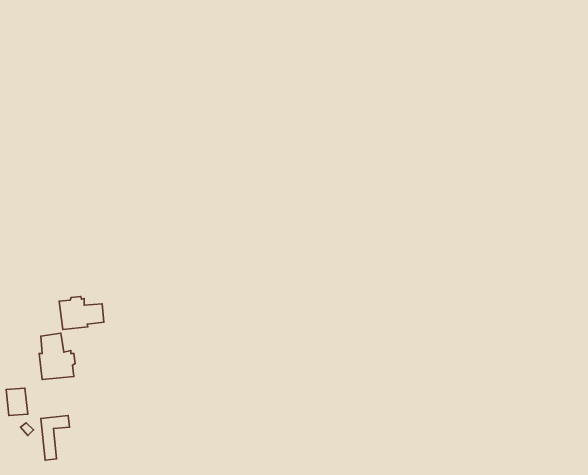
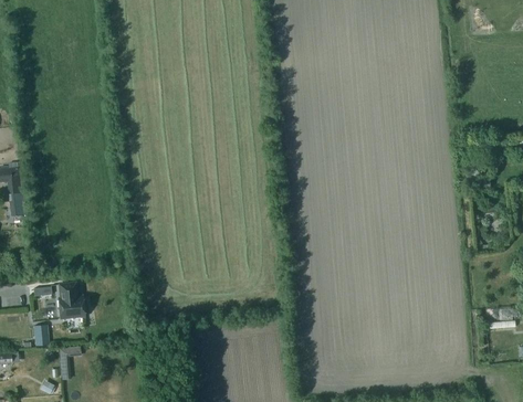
building: [59,297,104,330] -> none

